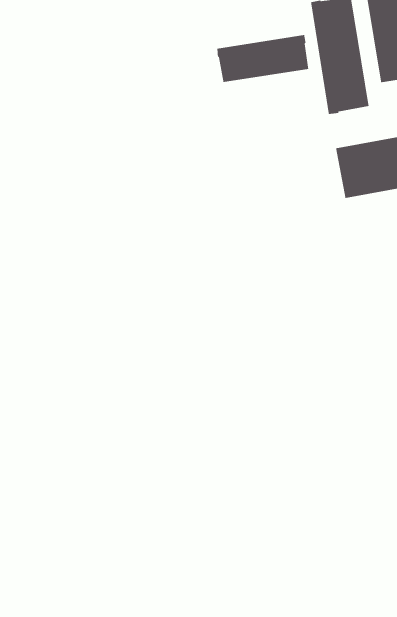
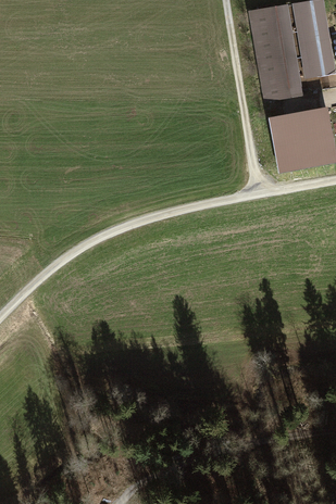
building: [217,34,309,83] -> none

